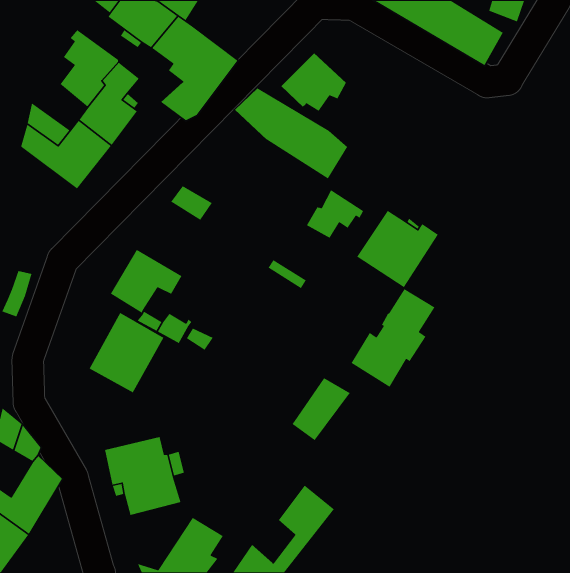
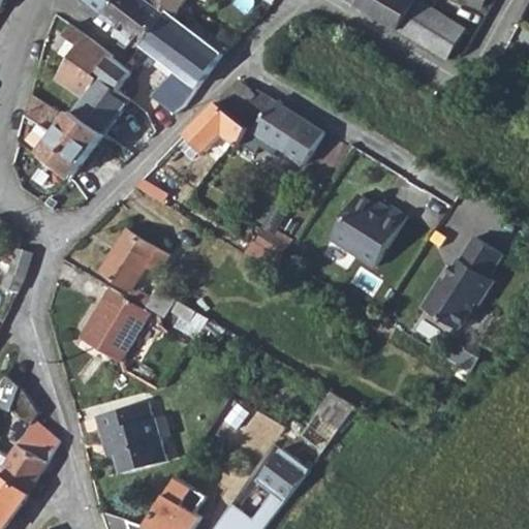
building: [281,52,347,112] -> [185,101,246,156]
building: [306,190,364,239] -> none
building: [351,288,436,388] -> [421,238,499,330]
building: [291,377,351,441] -> [300,392,354,450]

